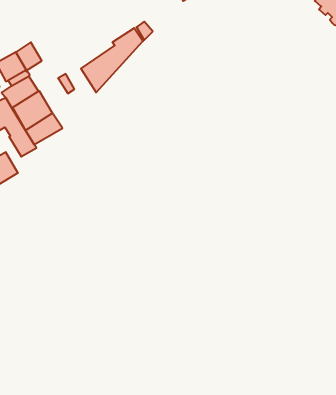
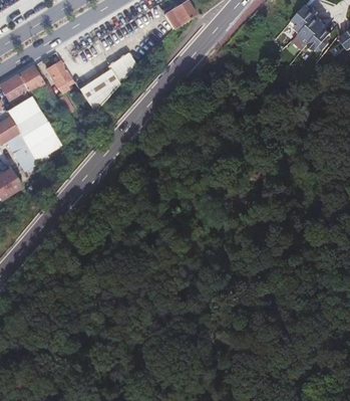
building: none -> [47,60,73,92]

